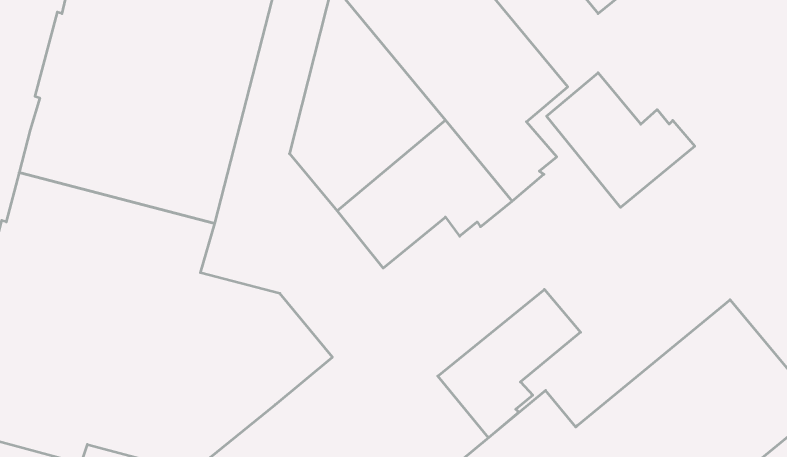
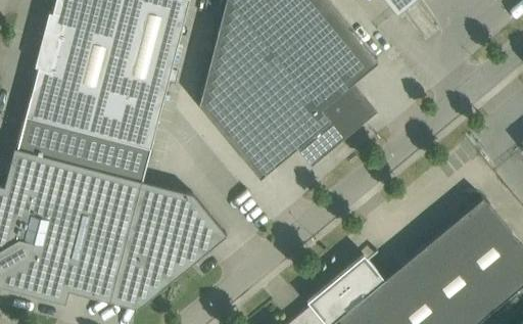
building: [547,73,695,207] -> none
building: [438,289,581,438] -> none

